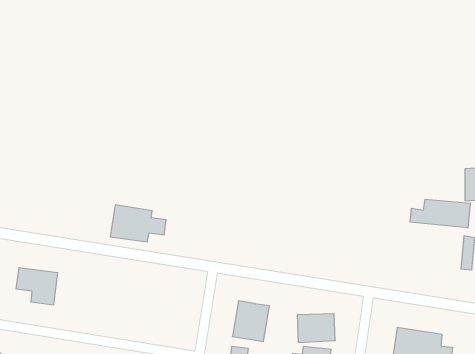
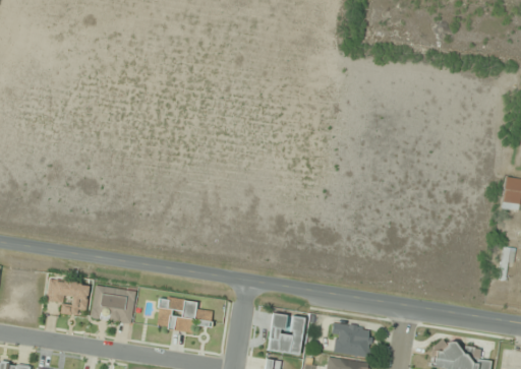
building: [410,199,470,228] -> none
building: [110,205,166,242] -> [156,295,213,332]
building: none -> [91,286,136,322]

